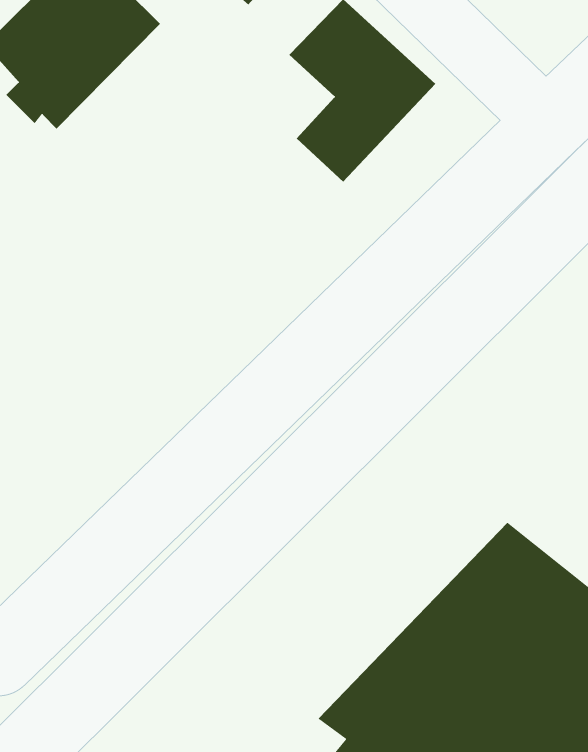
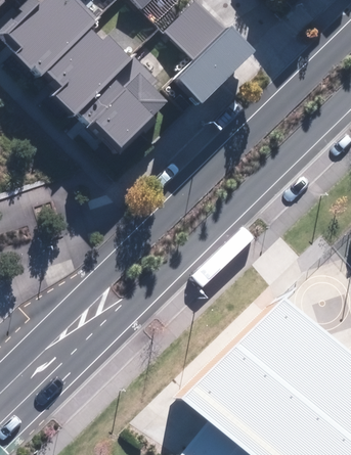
building: none -> [45,36,127,121]
building: none -> [77,77,163,155]

